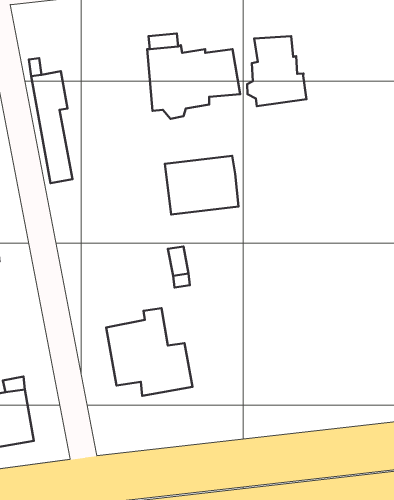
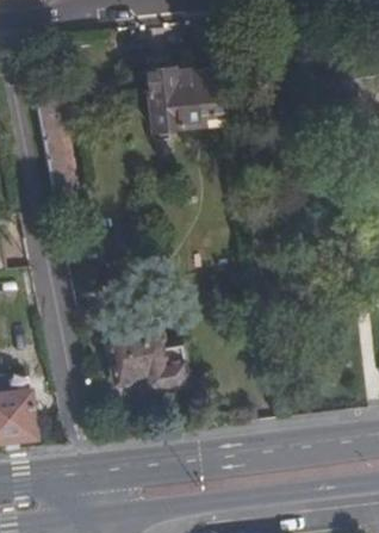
building: [247,36,307,106] -> none
building: [165,156,239,214] -> none

